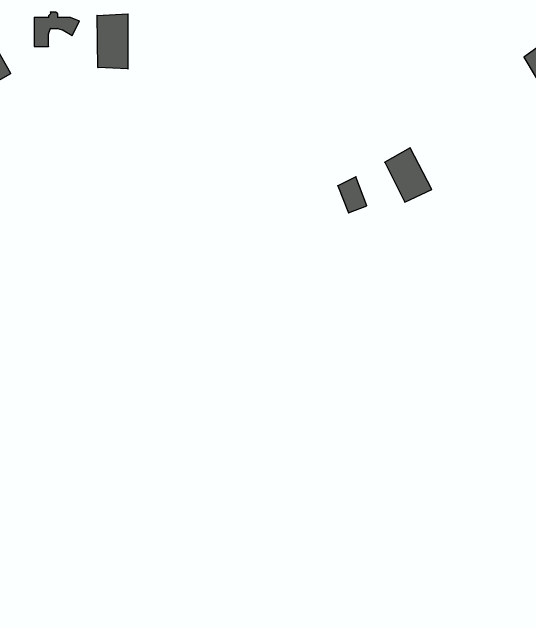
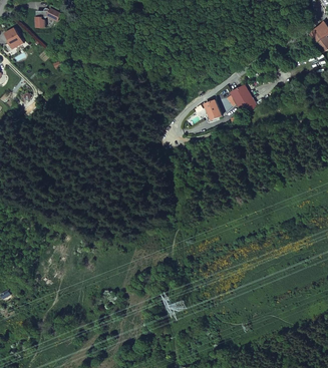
building: [97,14,128,69] -> none

